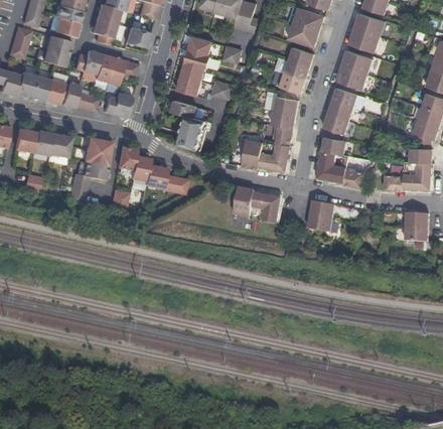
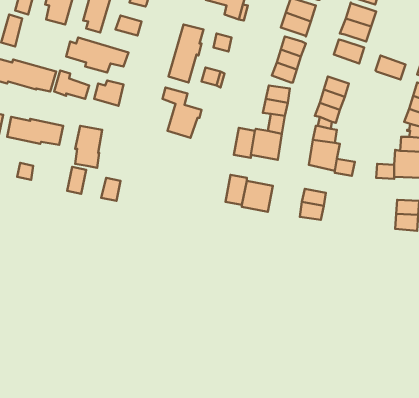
building: [41,34,70,65] -> none
building: [338,65,368,90] -> [375,55,406,79]
building: [118,146,188,193] -> none

